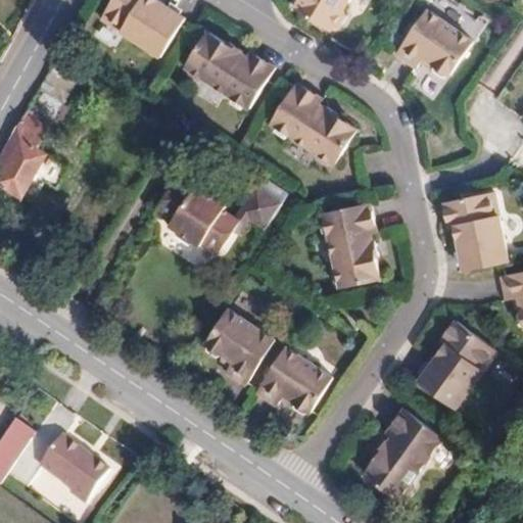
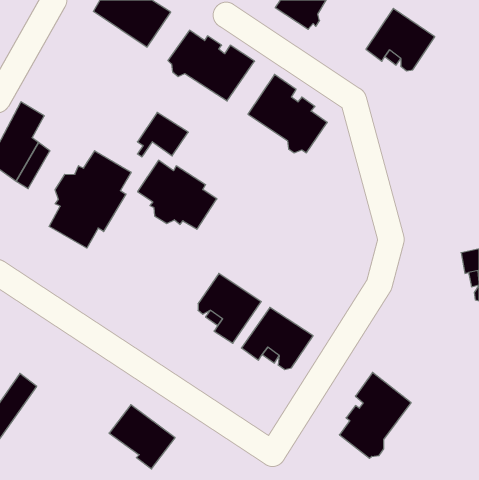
building: none -> [49,151,131,248]
building: [229,182,284,230] -> [137,112,188,157]
building: [440,191,506,275] -> none
building: [318,202,376,290] -> none
building: [418,319,494,406] -> none
building: [35,434,106,504] -> [109,405,175,469]

